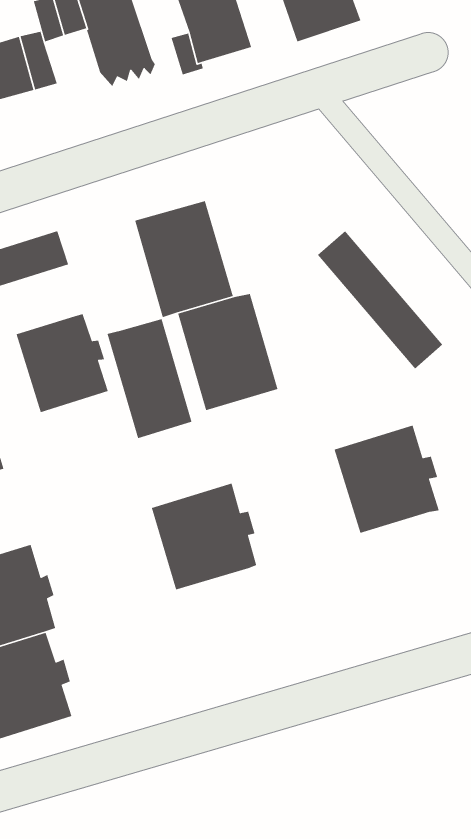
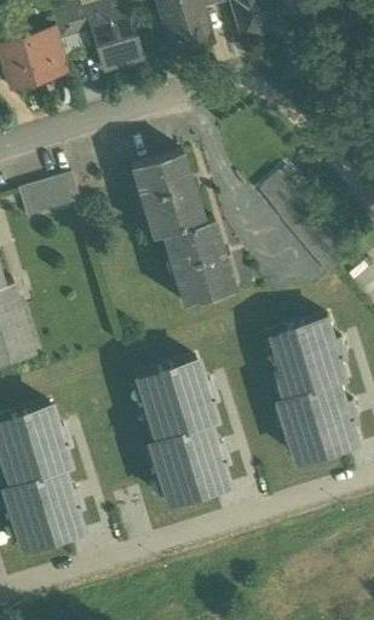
building: [16,313,109,413] -> none
building: [106,318,193,439] -> none
building: none -> [281,380,359,460]
building: none -> [149,421,226,501]

